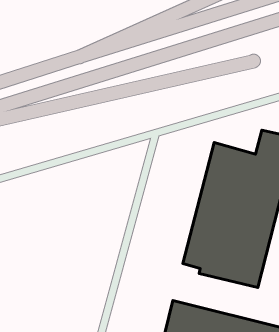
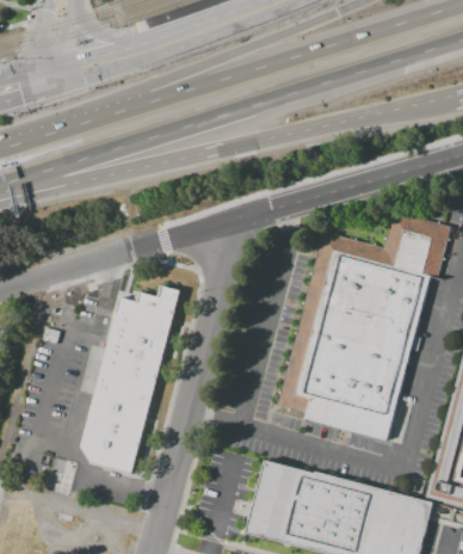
building: none -> [80,284,180,473]

